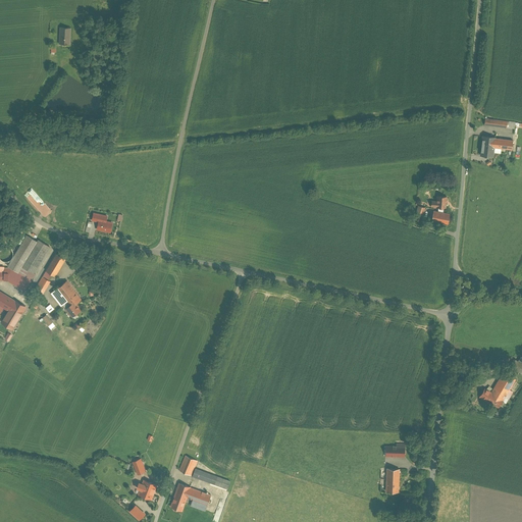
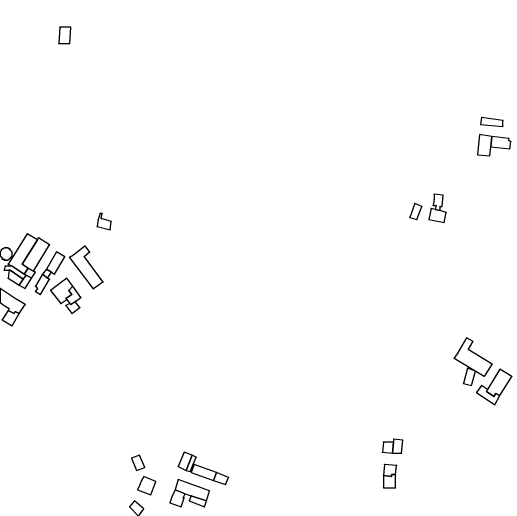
building: none -> [70,246,103,289]
building: none -> [454,338,492,376]

